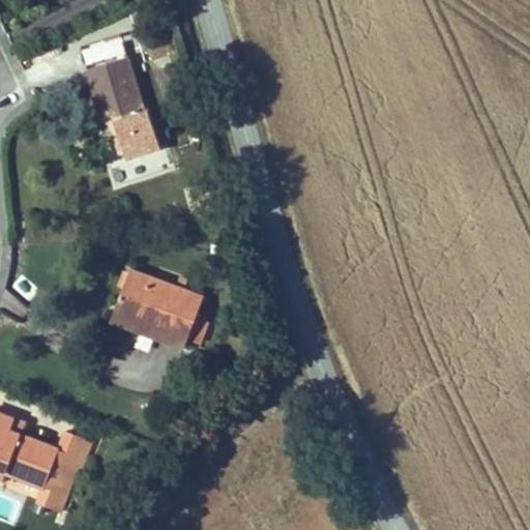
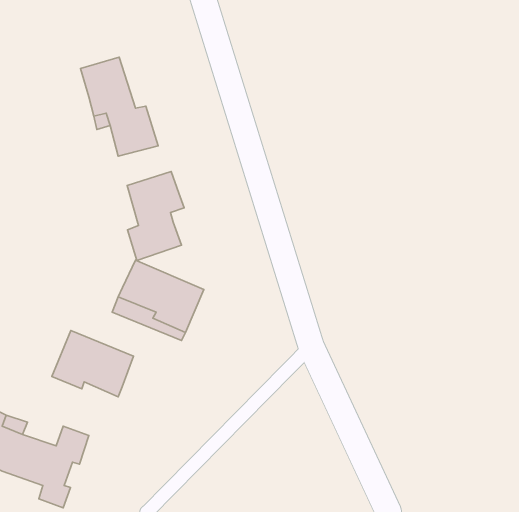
building: none -> [127,171,184,261]
building: none -> [52,330,134,397]

